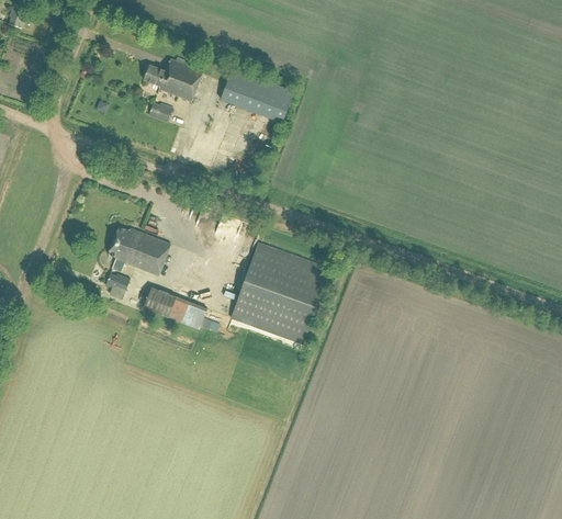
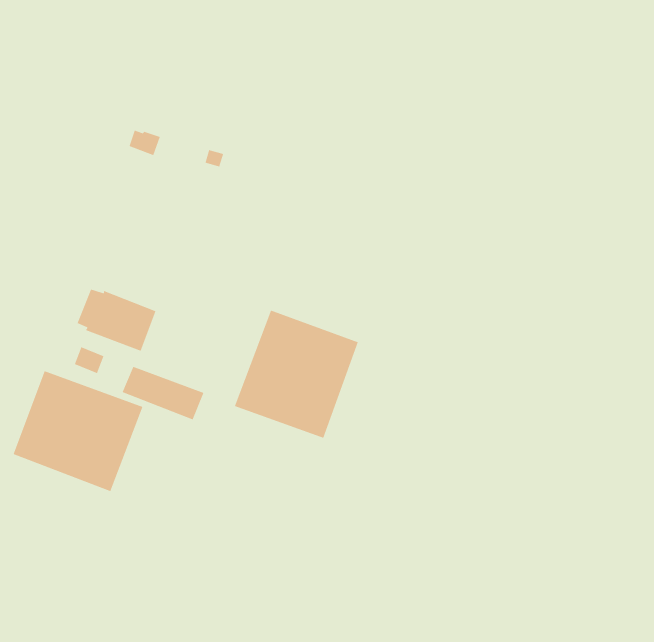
building: [143,59,201,100] -> none
building: [216,63,293,123] -> none
building: none -> [12,370,143,492]

